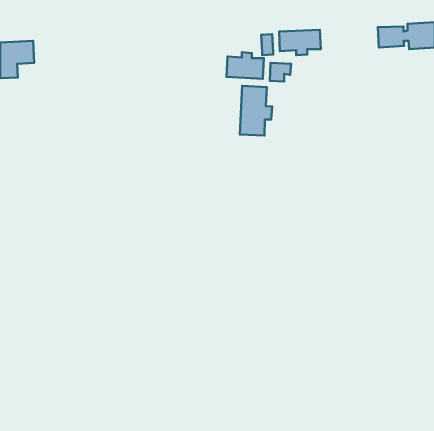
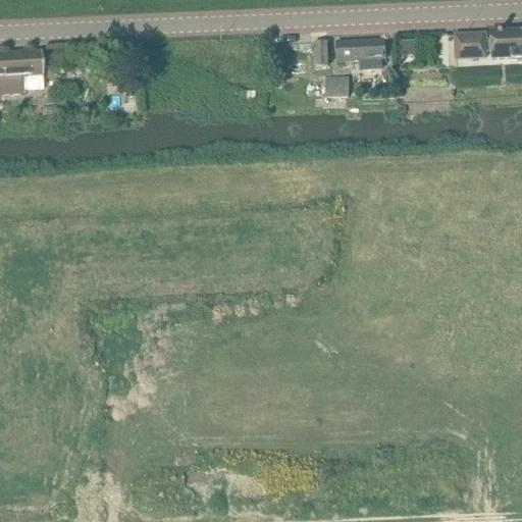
building: [227,52,264,79] -> none
building: [240,86,272,136] -> none

